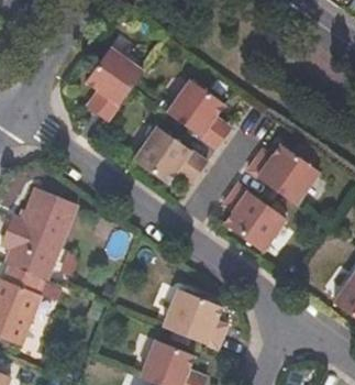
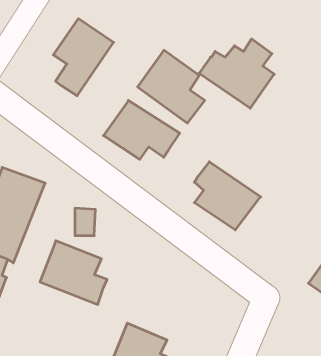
building: [246,138,319,205] -> [199,39,274,108]
building: [164,289,229,351] -> [40,241,107,304]

